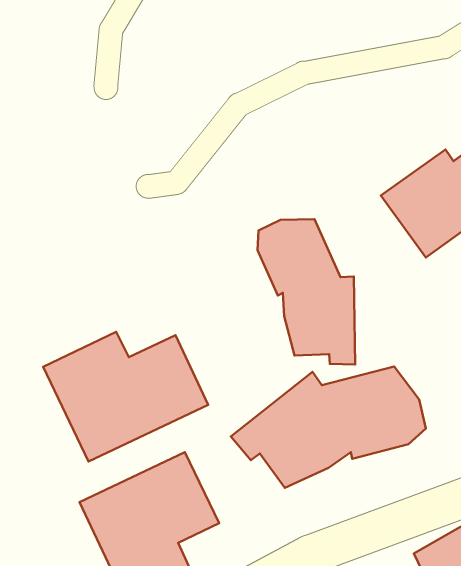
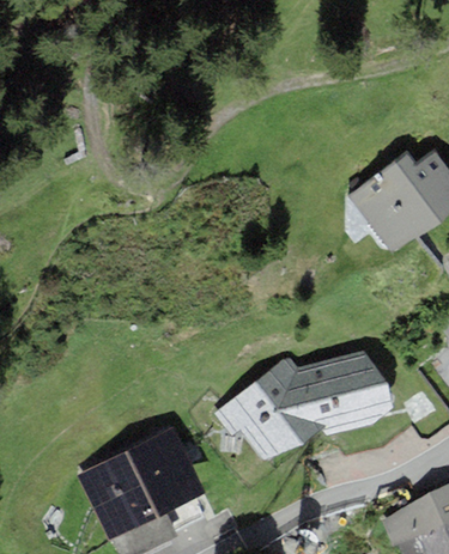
building: [257,219,355,365] -> none
building: [43,332,208,462] -> none

